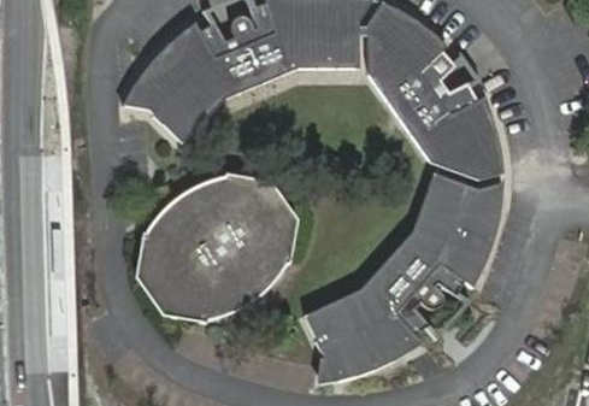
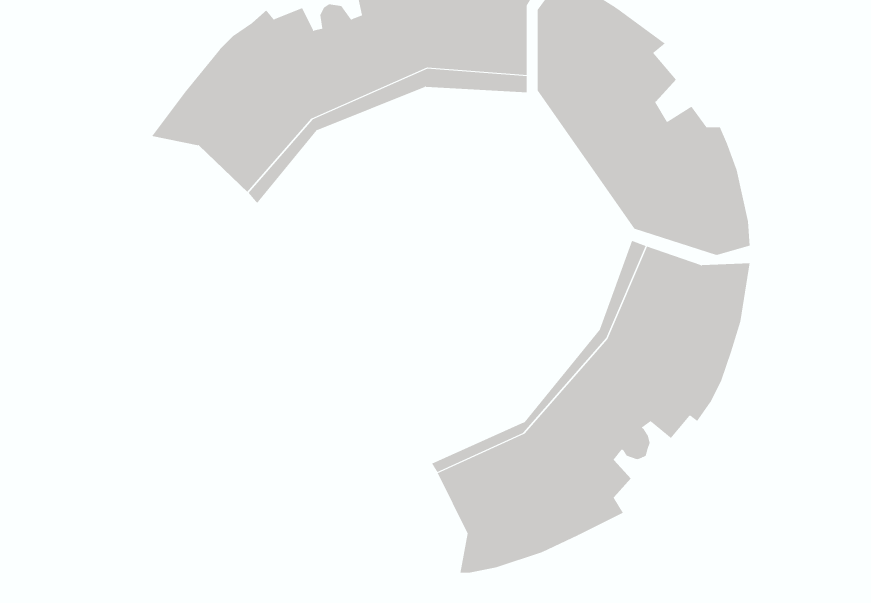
building: [130,172,293,317] -> none

